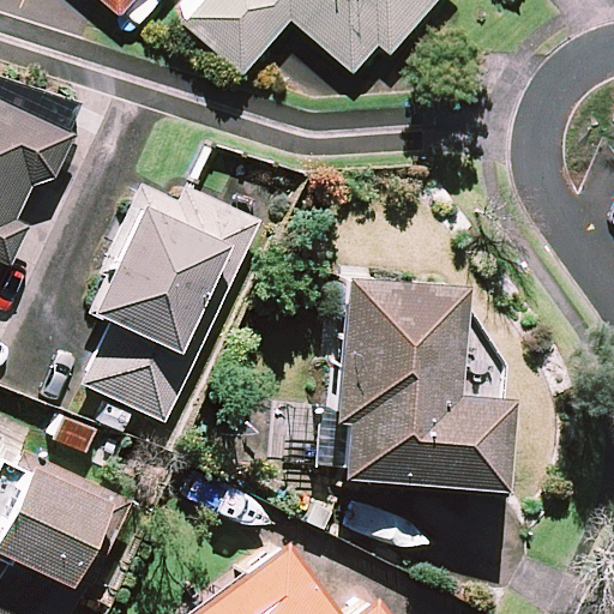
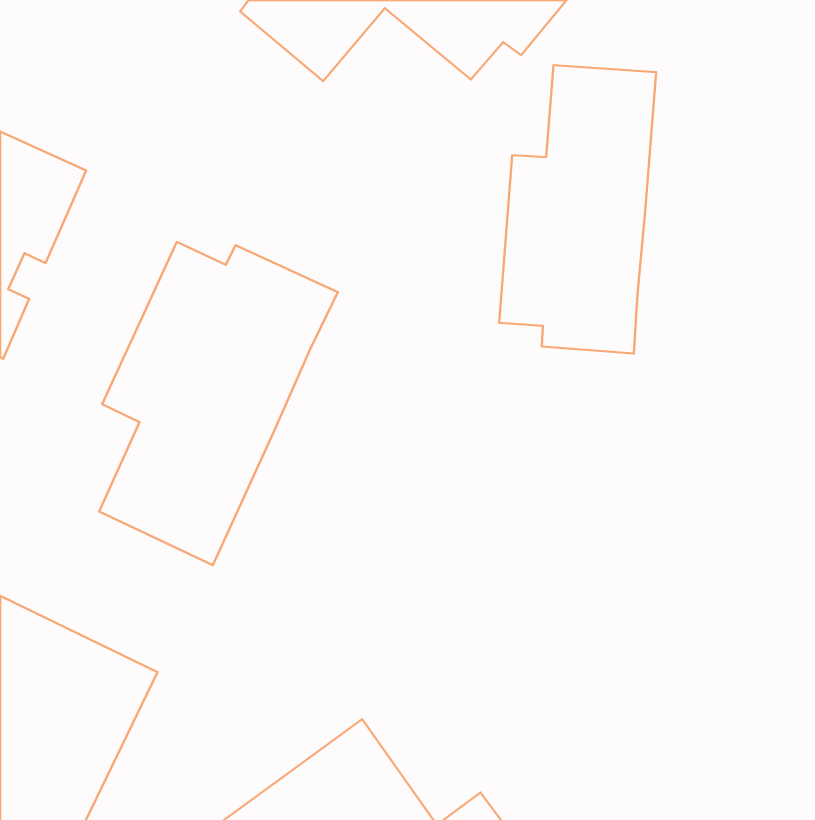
building: none -> [499,65,656,354]
building: [320,275,501,483] -> none

